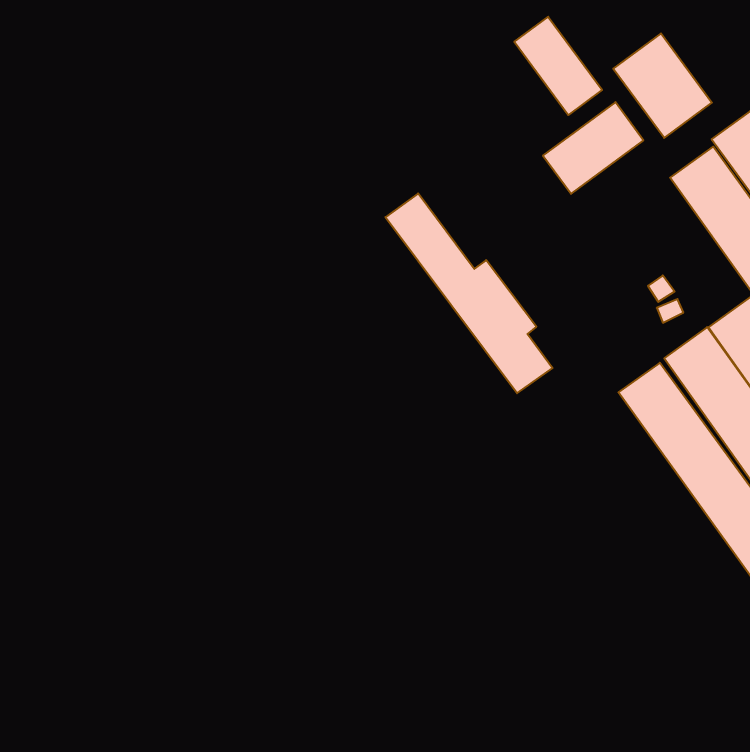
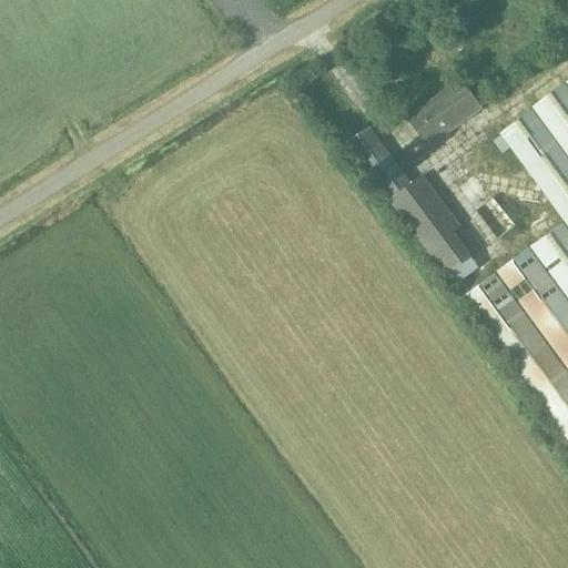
building: [514,17,602,115] -> none
building: [613,33,712,138] -> none
building: [385,193,553,393] -> [352,124,477,274]

